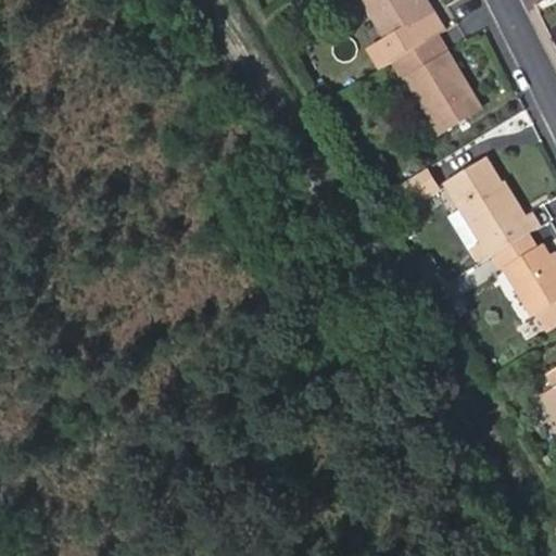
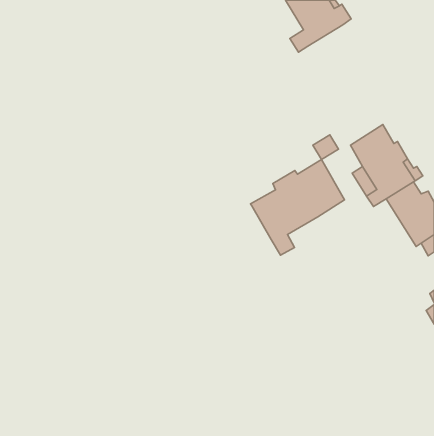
building: [392,31,481,131] -> none
building: none -> [250,160,344,255]

